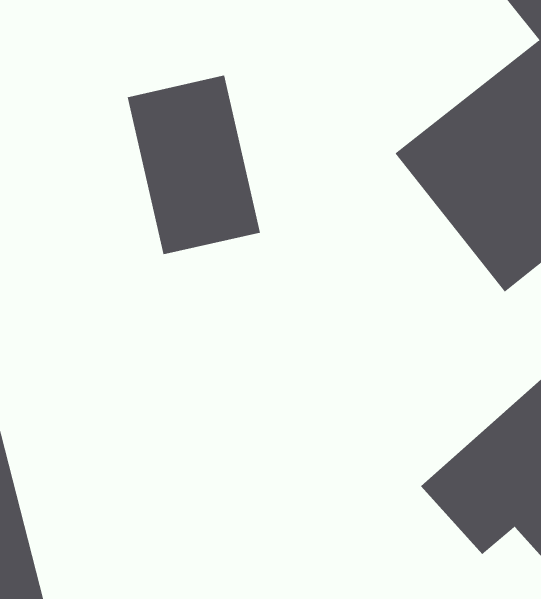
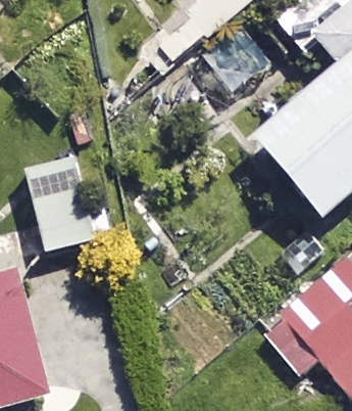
building: [127,75,261,255] -> [21,147,101,255]

